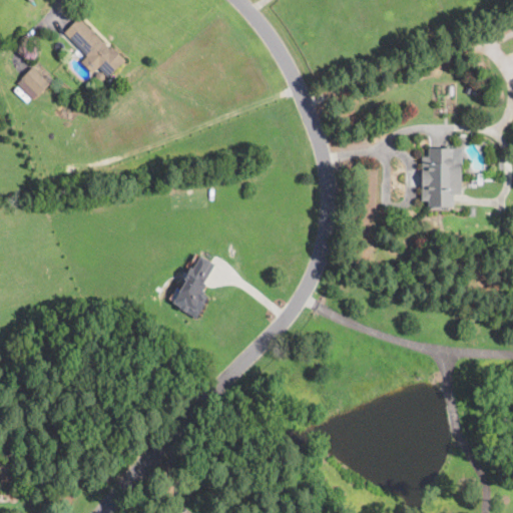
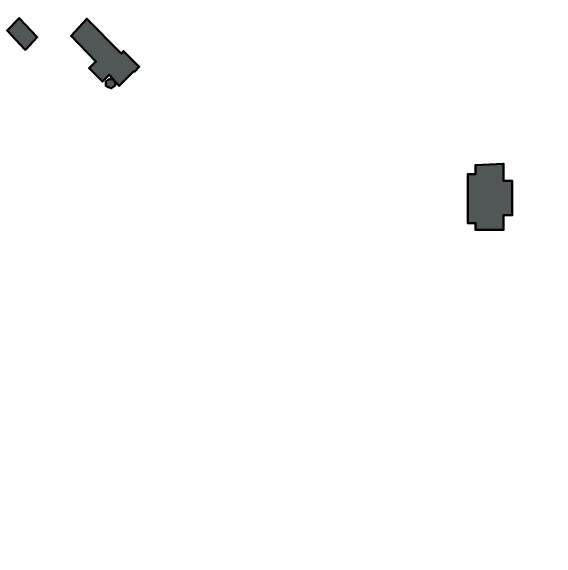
building: [21,67,48,95] -> [7,18,37,49]
building: [173,255,214,312] -> none

